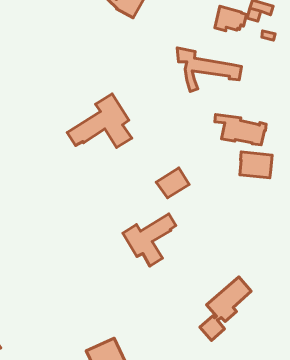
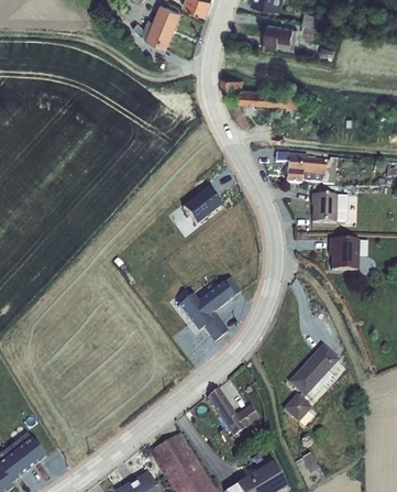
building: [67,94,132,148] -> none
building: [156,168,189,198] -> [180,190,220,228]
building: none -> [328,238,359,270]
building: none -> [206,386,258,436]

